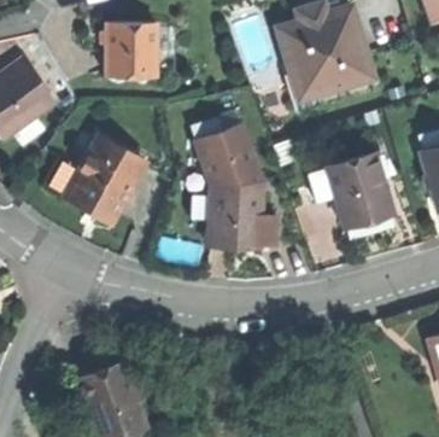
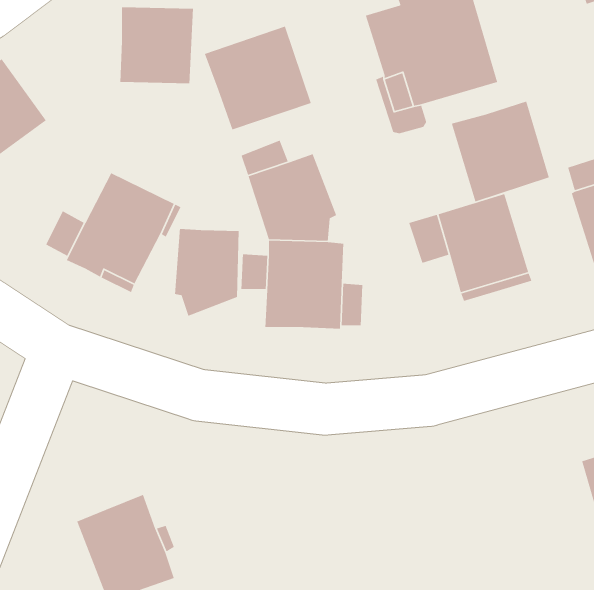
building: none -> [204,26,312,130]
building: none -> [451,101,550,202]
building: none -> [174,228,239,317]

